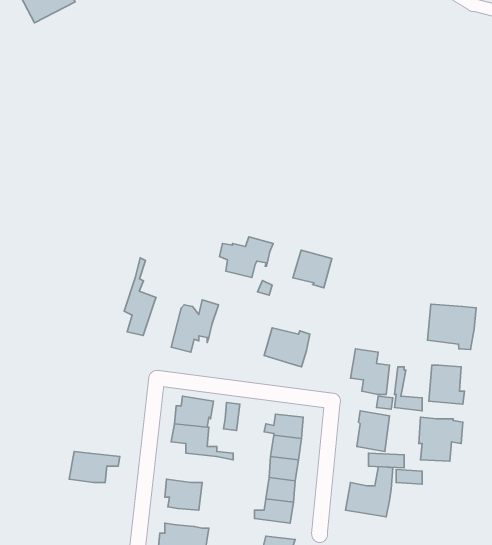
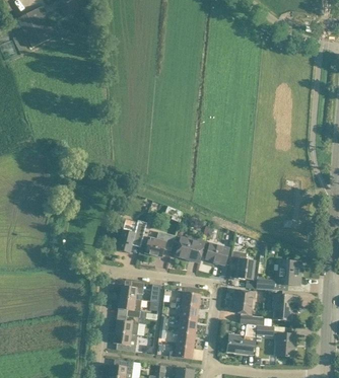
building: [219,237,273,278] -> [141,231,175,256]
building: [293,250,332,288] -> [205,241,229,264]
building: [124,258,156,336] -> none
building: [427,304,476,349] -> none
building: [69,452,120,483] -> [115,314,146,333]
building: none -> [276,332,296,356]

